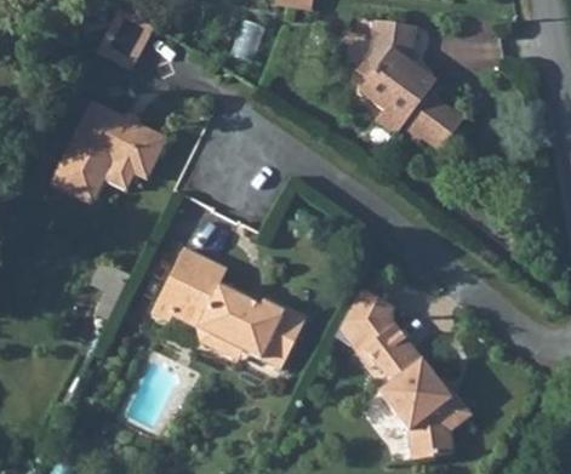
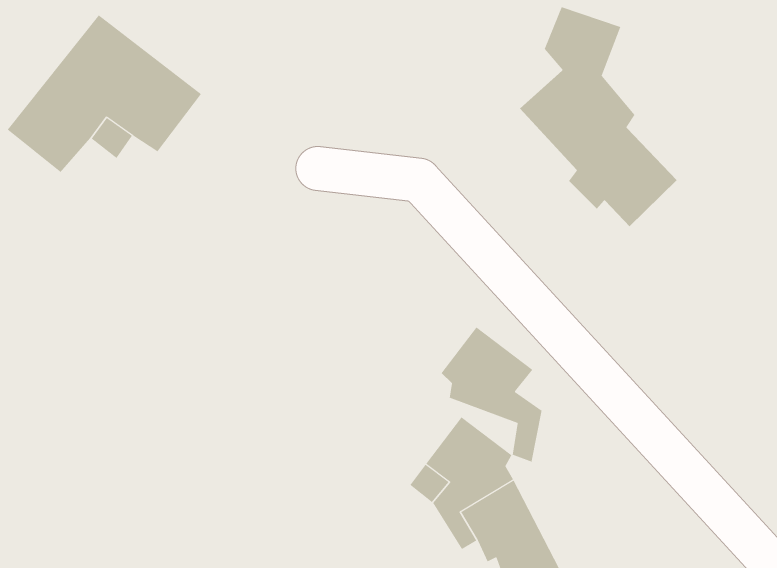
building: none -> [441,326,542,462]
building: [159,246,302,367] -> none

